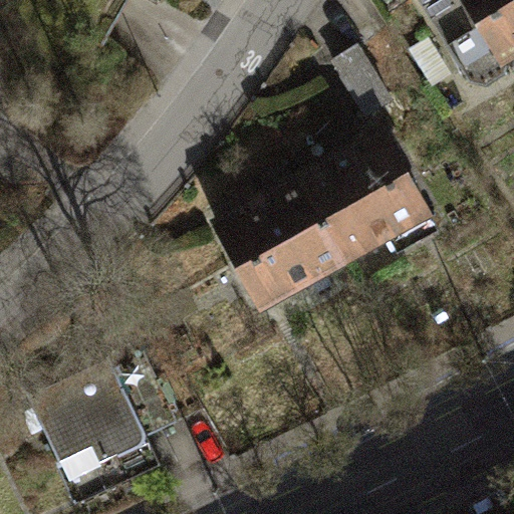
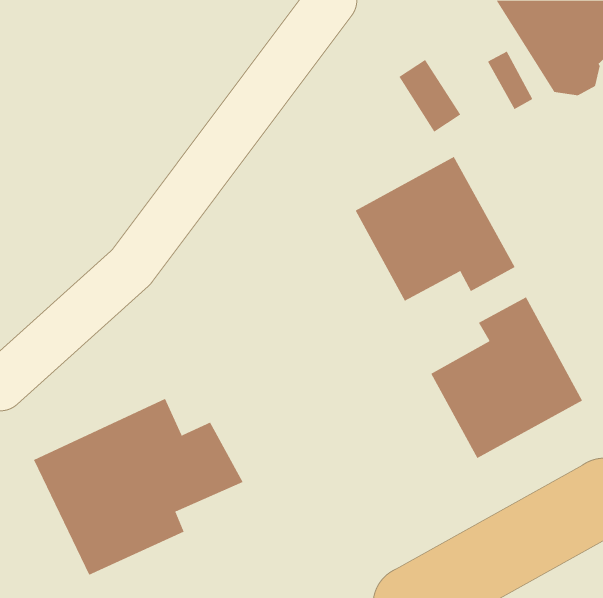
building: [220,184,344,305] -> none
building: none -> [430,296,583,459]

